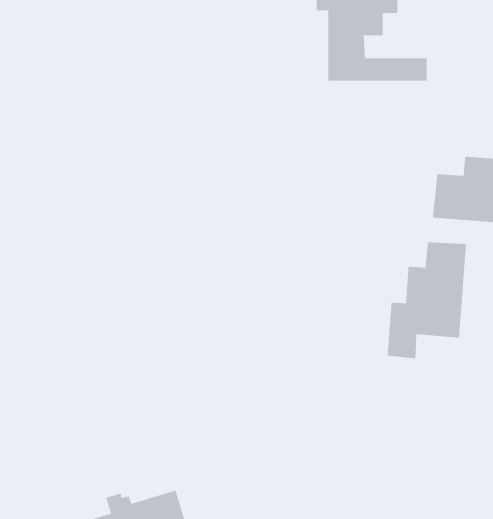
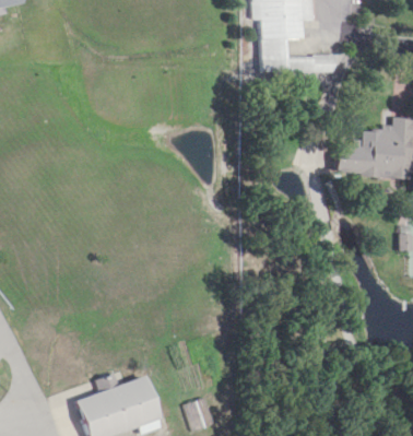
building: [387,241,467,359] -> none

